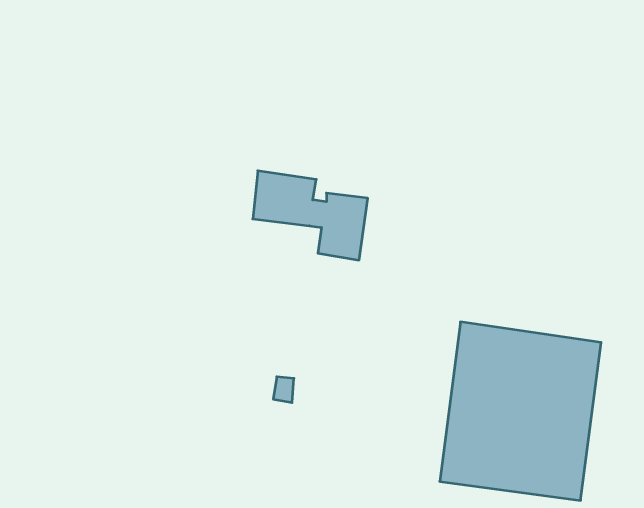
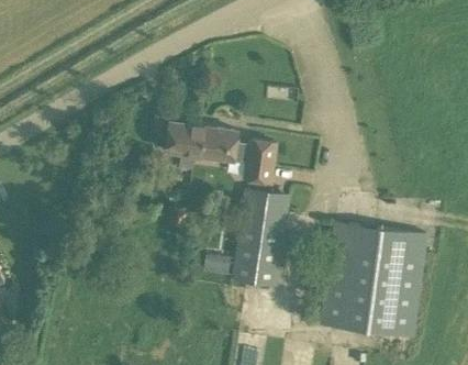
building: none -> [165,121,205,169]
building: none -> [230,189,290,288]

